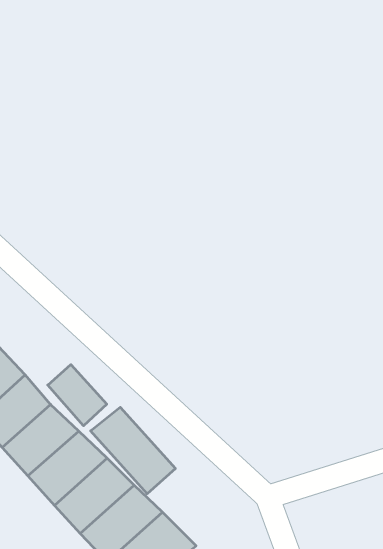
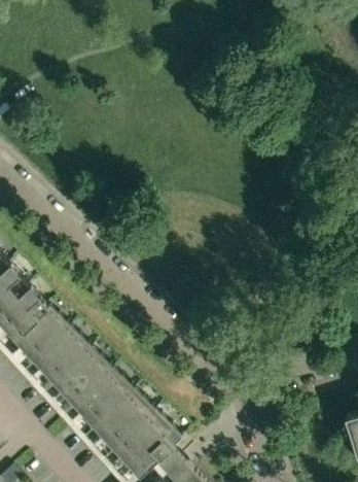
building: [48,365,107,426] -> none
building: [91,407,175,494] -> none

